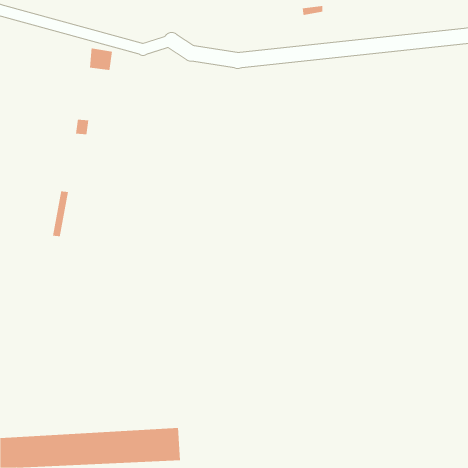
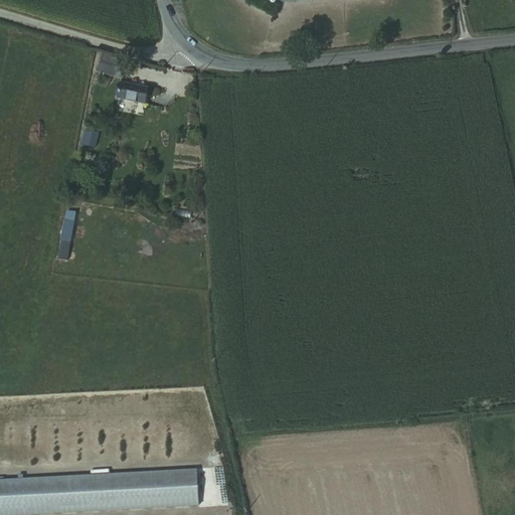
building: none -> [115,83,145,105]

